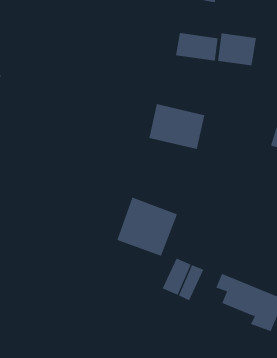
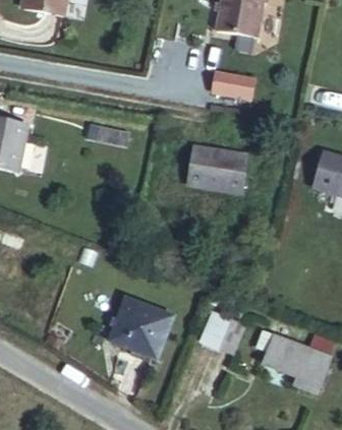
building: [218,33,256,66] -> none
building: [116,197,178,256] -> [111,292,176,355]

